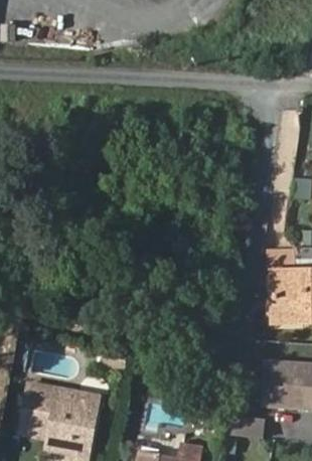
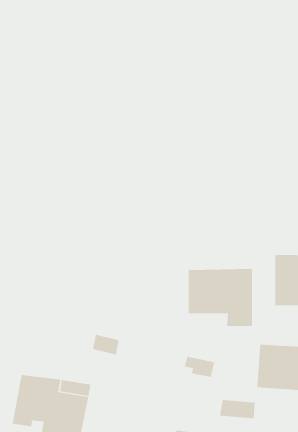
building: none -> [188,268,253,327]

